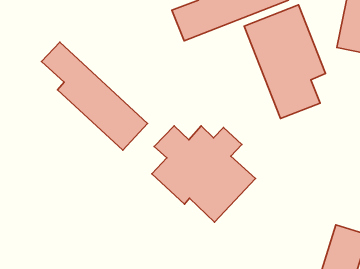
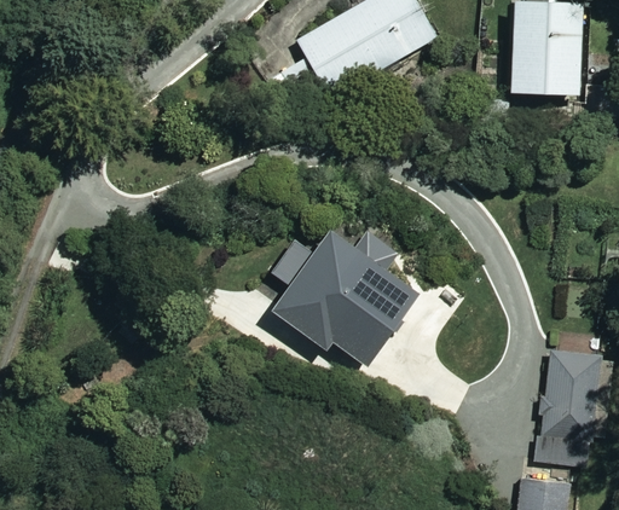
building: [244,5,325,119] -> none
building: [42,42,148,150] -> none

